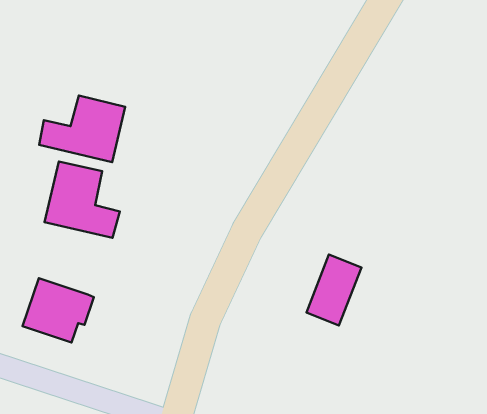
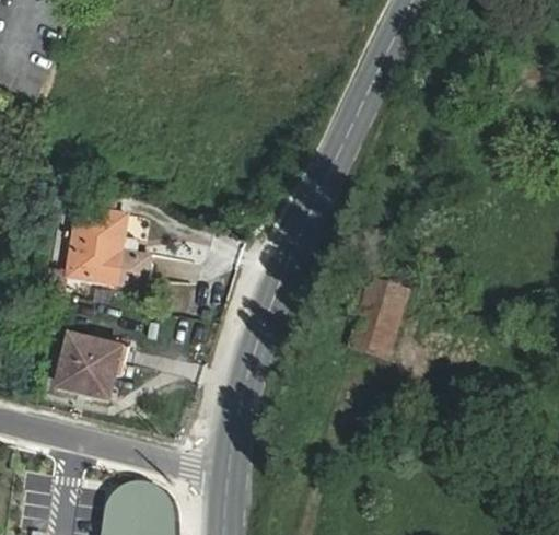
building: [39,96,125,162] -> none

